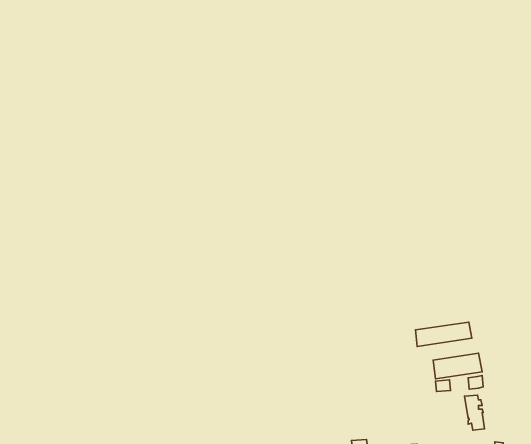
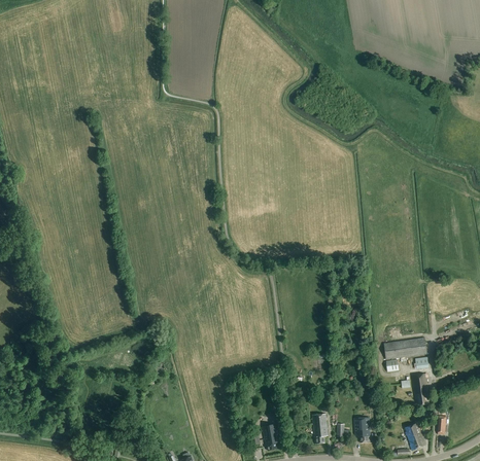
building: [416,322,472,346] -> none

